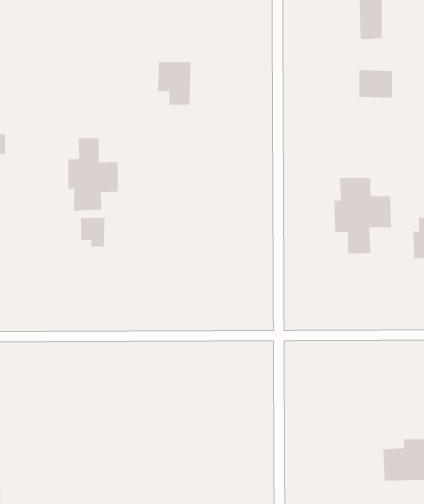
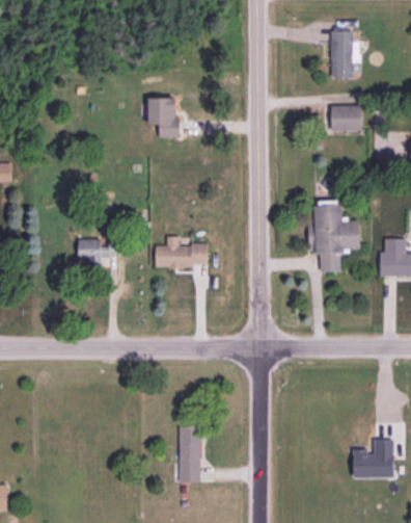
building: [68,138,118,211] -> none
building: none -> [156,236,209,267]
building: none -> [179,426,201,482]

